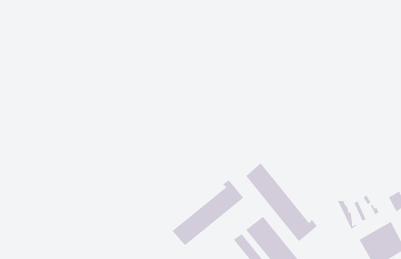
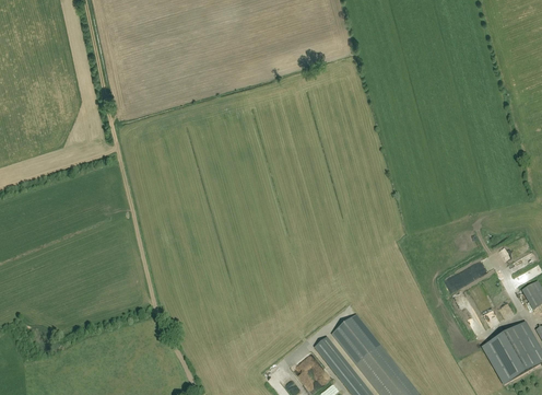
building: [245,163,318,242] -> none
building: [172,179,244,246] -> none

